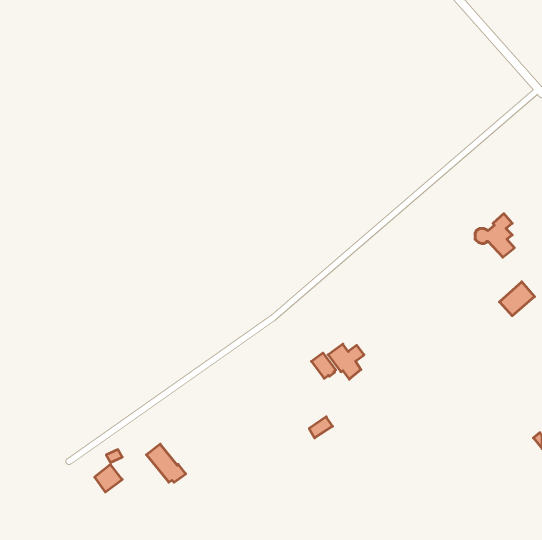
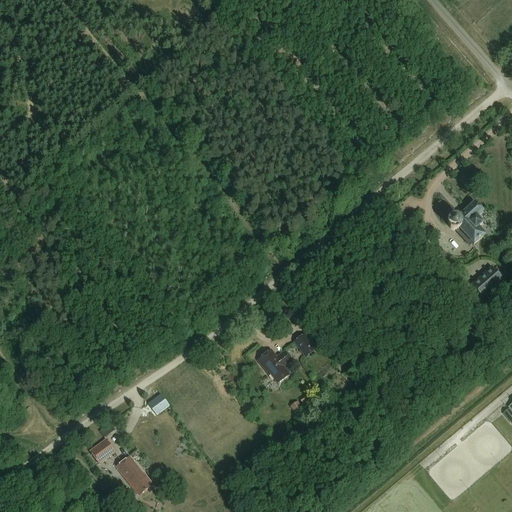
building: [328,344,364,379] -> [257,349,291,382]
building: [146,444,186,482] -> [115,455,152,491]

